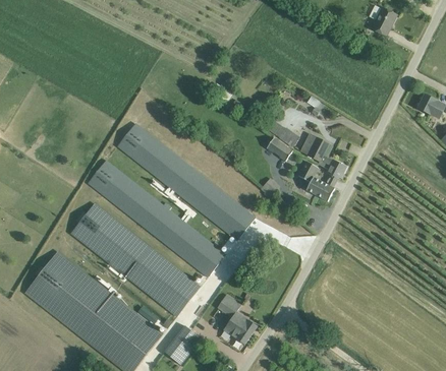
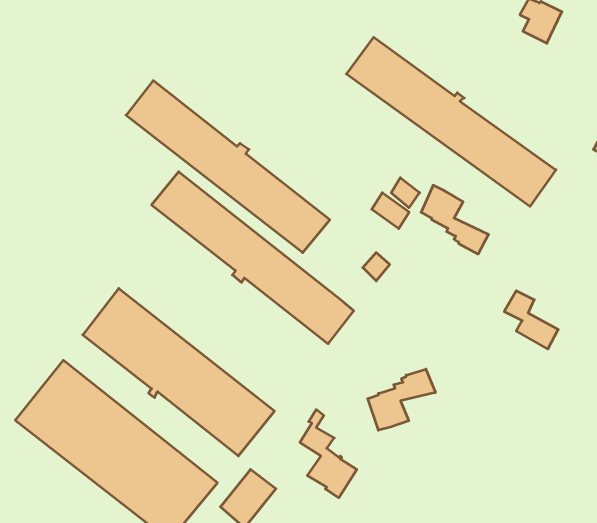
building: none -> [346,37,556,206]
building: [88,160,226,276] -> [126,81,330,253]
building: [297,162,334,201] -> [504,291,558,349]
building: none -> [368,369,435,430]

